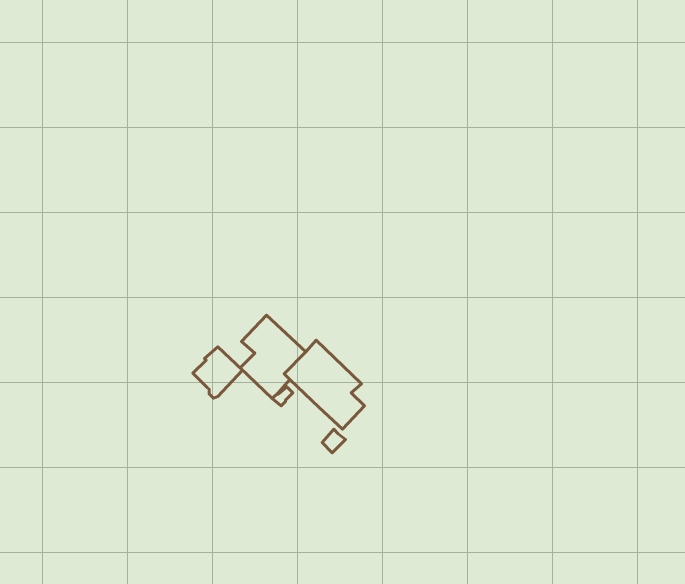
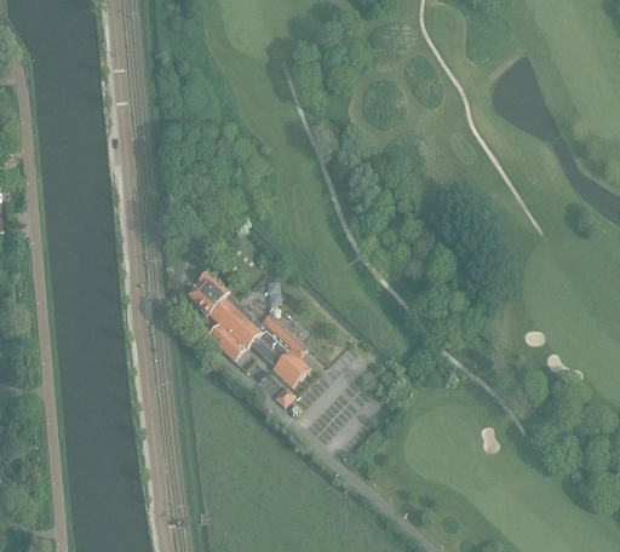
building: [193,347,243,398] -> [188,274,229,316]

